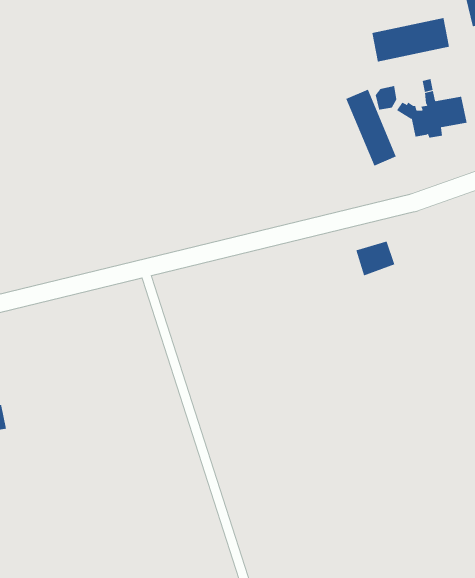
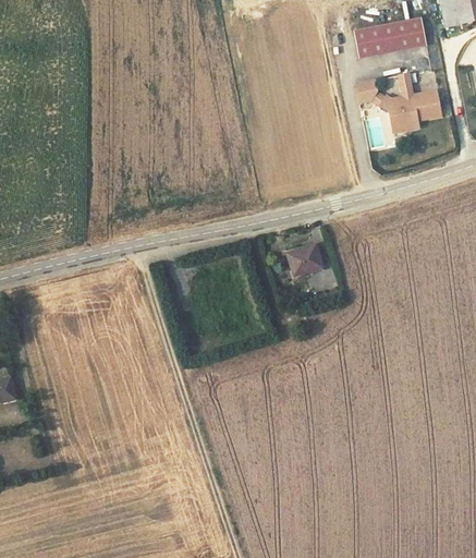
building: [346,89,397,166] -> none
building: [355,241,395,276] -> [286,241,324,274]

